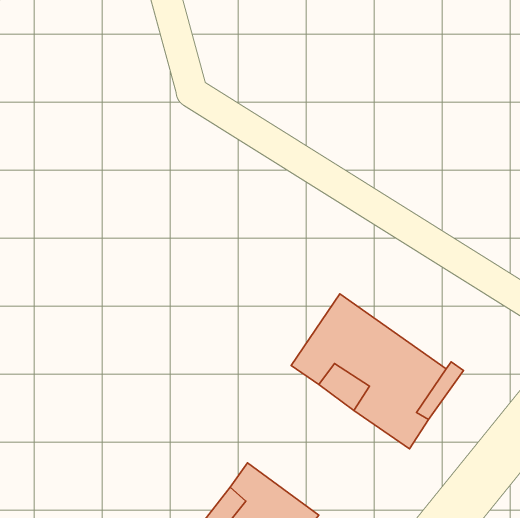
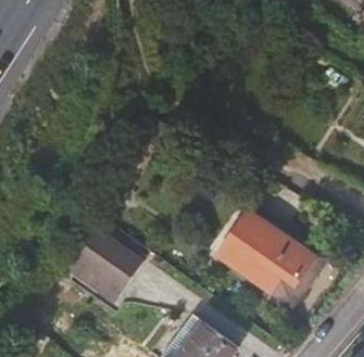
building: none -> [64,224,146,301]

